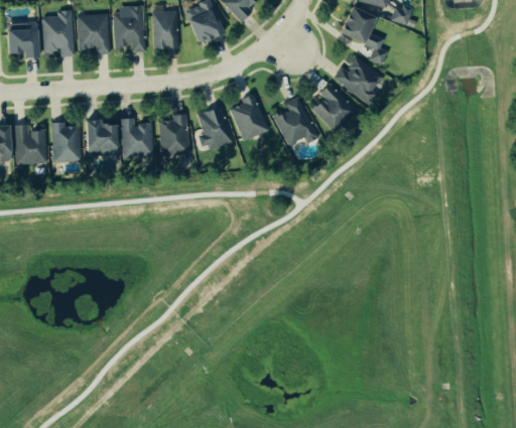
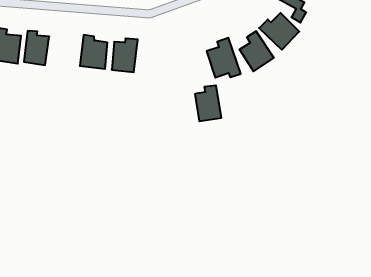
building: [231,94,267,140] -> [195,85,221,121]
building: [198,106,232,150] -> none
building: [86,119,117,155] -> none

